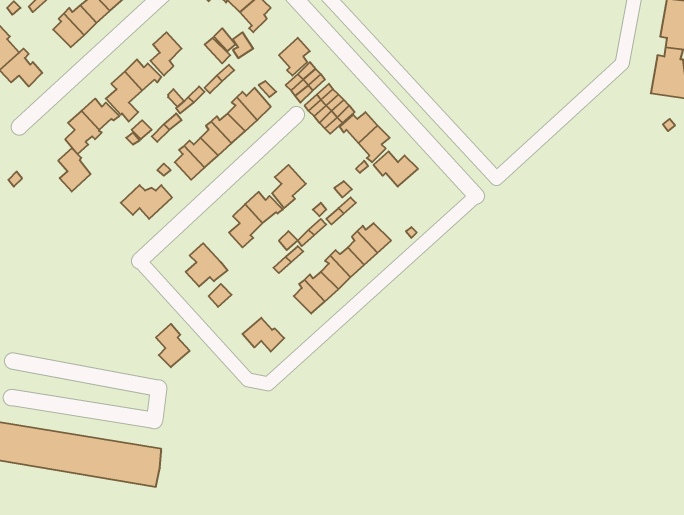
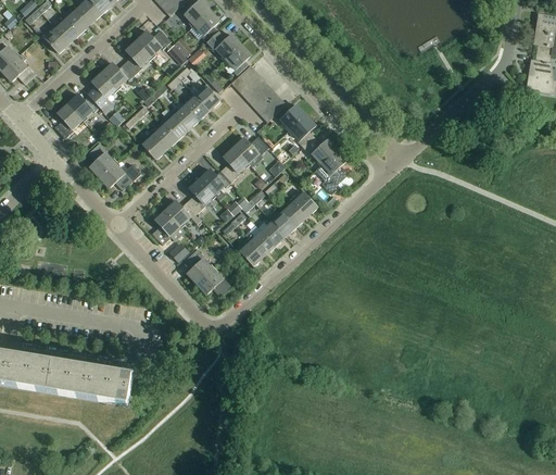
building: none -> [136,28,170,52]
building: none -> [206,30,241,58]
building: [58,148,91,192] -> [88,141,114,176]
building: none -> [233,135,268,161]
building: none -> [320,149,348,192]
building: none -> [165,199,201,224]
building: [156,324,190,367] -> [185,247,212,282]

